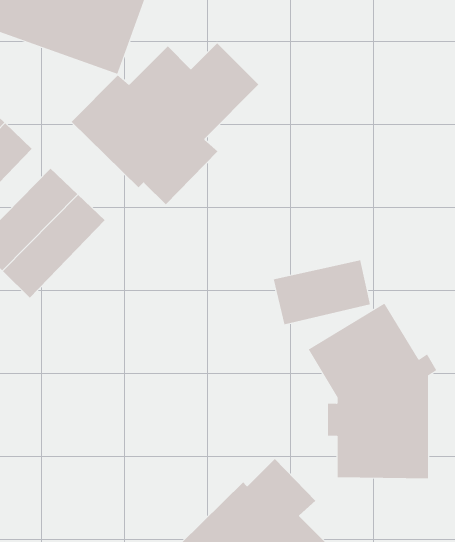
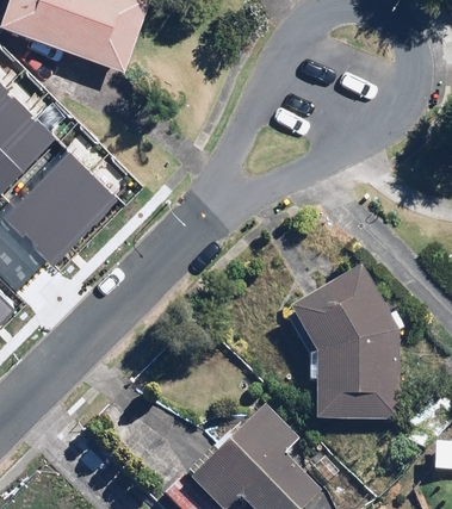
building: [71,42,259,205] -> none
building: [273,259,370,325] -> none

